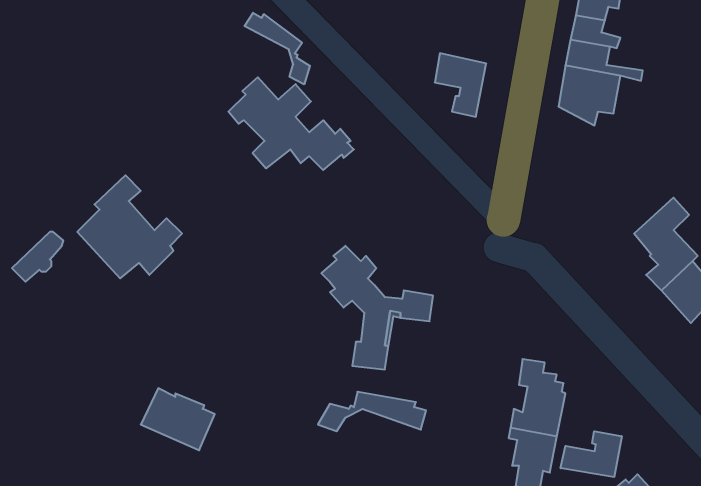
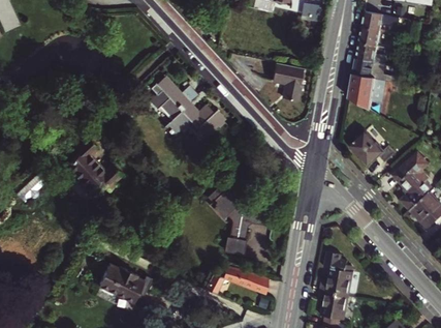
building: [245,13,310,84] -> none
building: none -> [349,130,393,163]
building: [561,431,622,477] -> none

